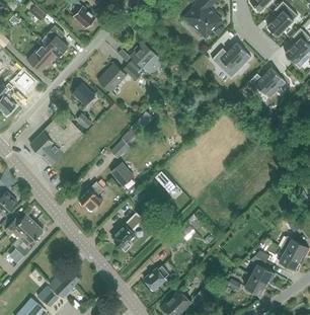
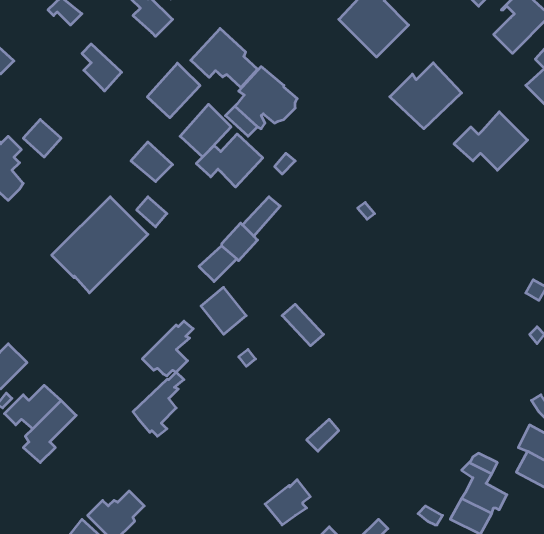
building: none -> [191,28,258,87]
building: [28,42,57,71] -> [147,63,200,118]
building: none -> [196,134,263,187]
building: [112,215,140,249] -> [133,372,184,436]

